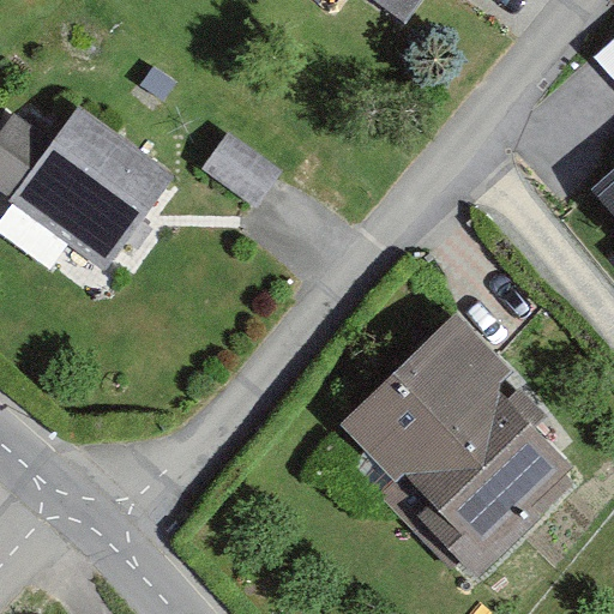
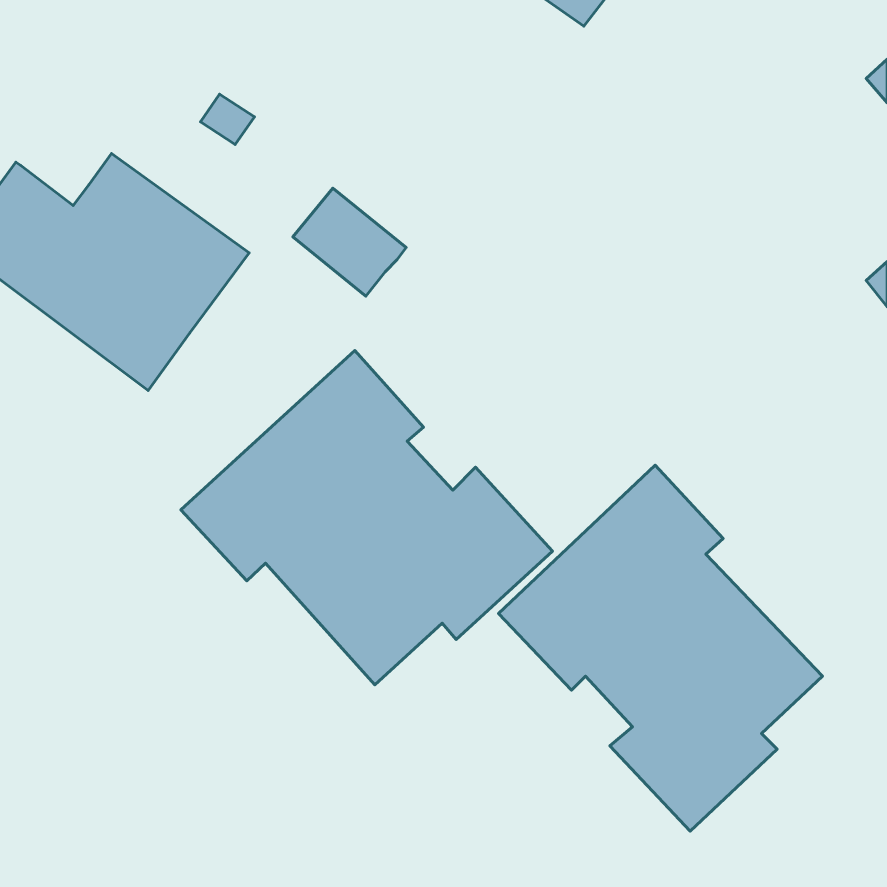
building: none -> [181,351,552,685]

